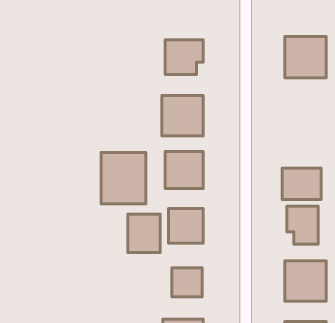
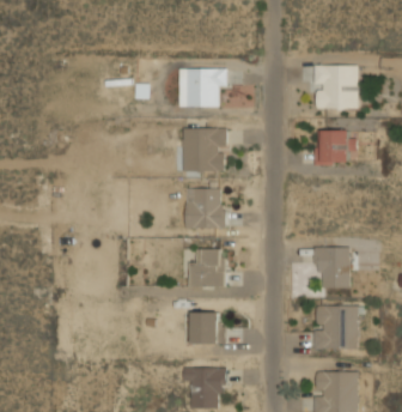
building: [101,153,146,204] -> none
building: [282,168,321,200] -> [313,131,355,164]
building: [128,214,160,253] -> none

